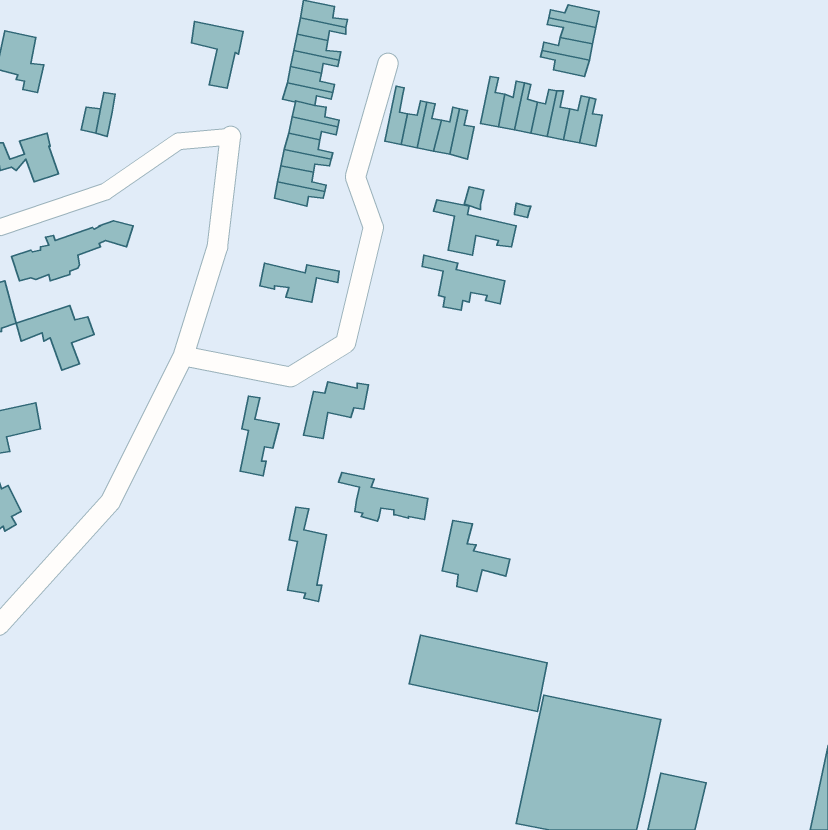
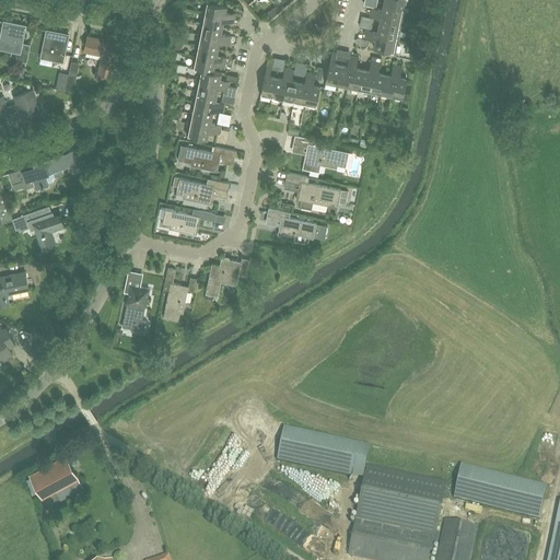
building: [191,22,243,88] -> [84,36,119,81]
building: none -> [40,30,67,61]
building: none -> [177,144,235,171]
building: none -> [161,208,214,234]
building: [339,473,428,521] -> [266,208,326,241]
building: [288,507,327,601] -> [121,270,148,334]
building: [442,521,510,591] -> none
building: none -> [28,456,81,499]
building: none -> [452,466,545,520]

